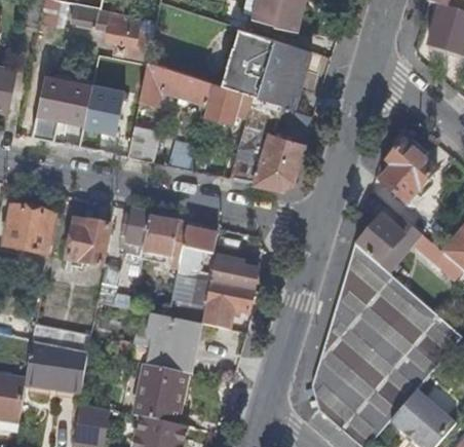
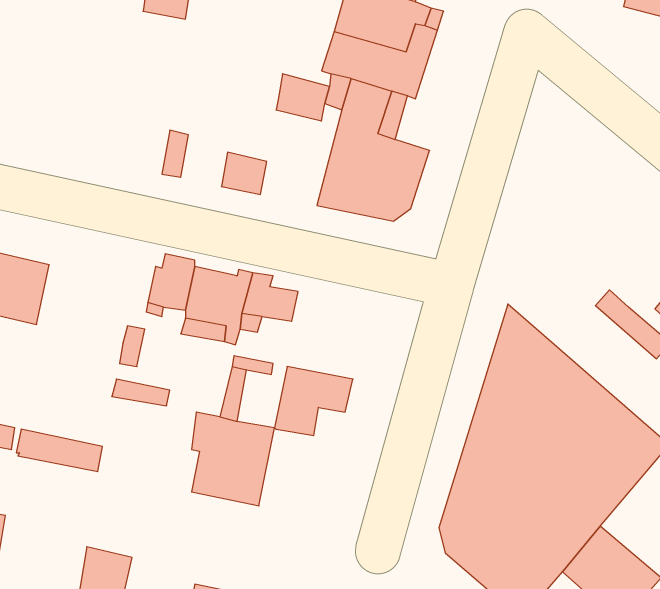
building: [140,63,209,105] -> none
building: [33,69,124,133] -> none
building: [382,142,437,204] -> none
building: [355,214,403,263] -> none
building: [68,222,108,267] -> none
building: [210,257,258,292] -> none
building: [29,342,86,392] -> none
building: [133,366,188,422] -> none

